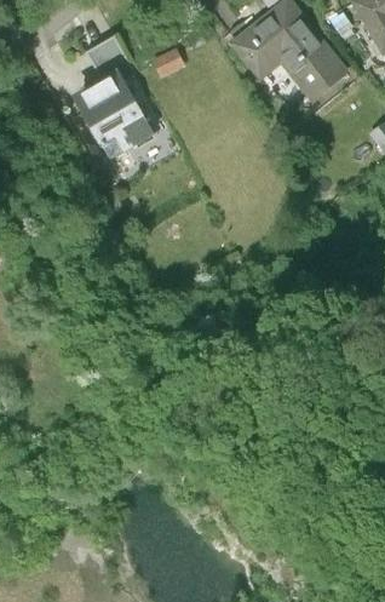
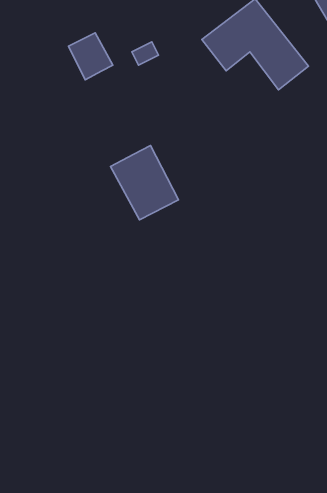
building: [77,79,151,160] -> [111,145,178,220]

